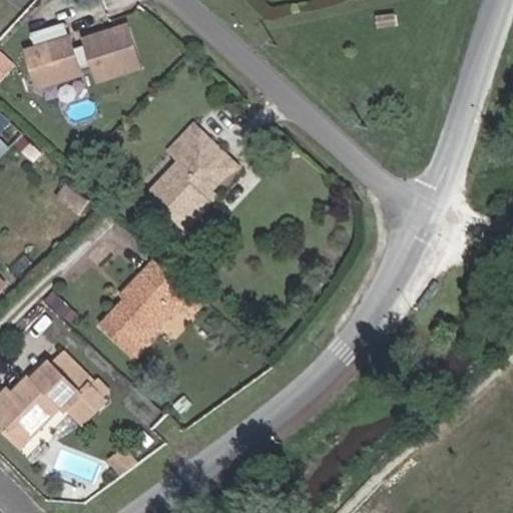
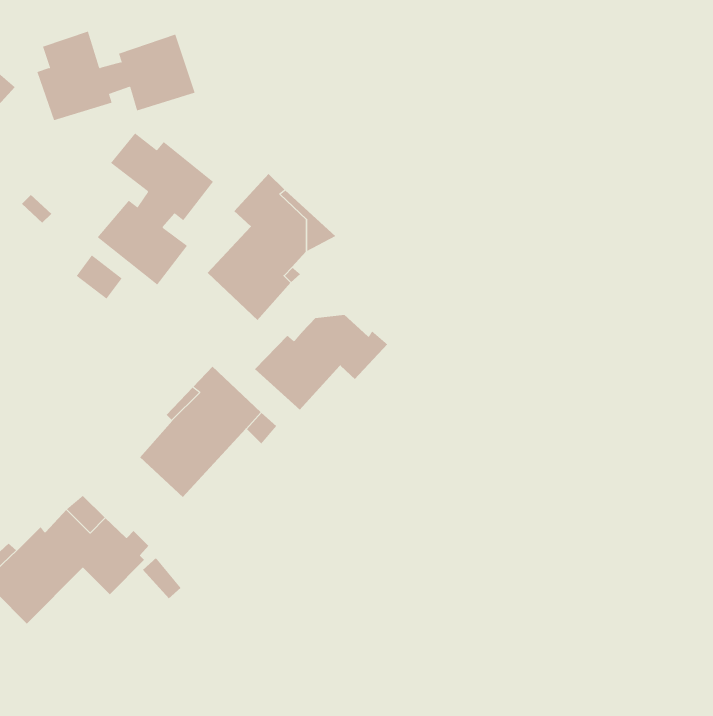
building: none -> [97,132,214,285]
building: none -> [254,314,388,410]

